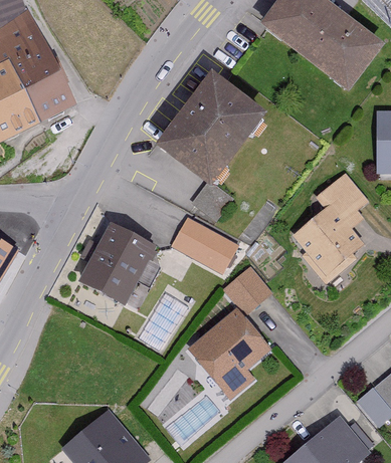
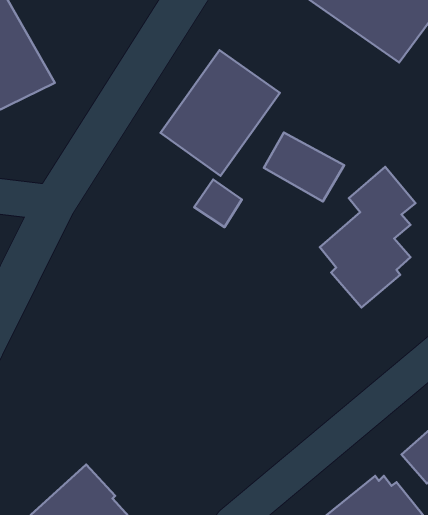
building: [172,218,236,273] -> [264,133,344,202]
building: [80,222,157,304] -> none
building: [224,267,269,311] -> none
building: [189,309,270,399] -> none

